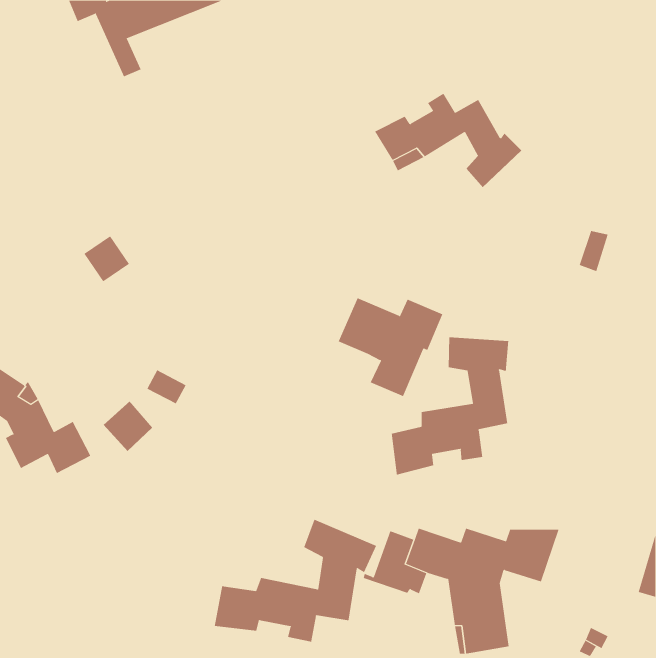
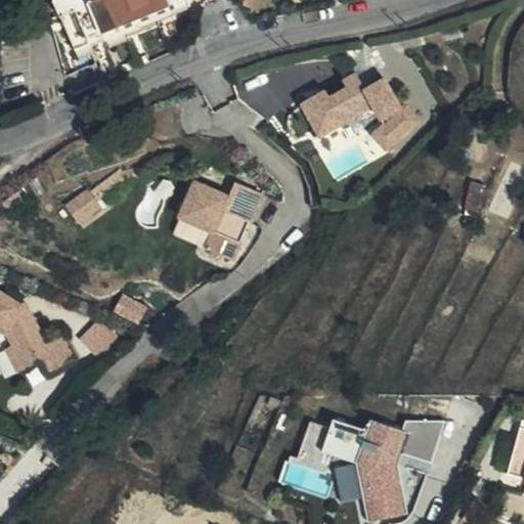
building: [338,298,443,397] -> [173,185,257,264]
building: [391,336,509,475] -> none
building: [214,519,377,643] -> none

